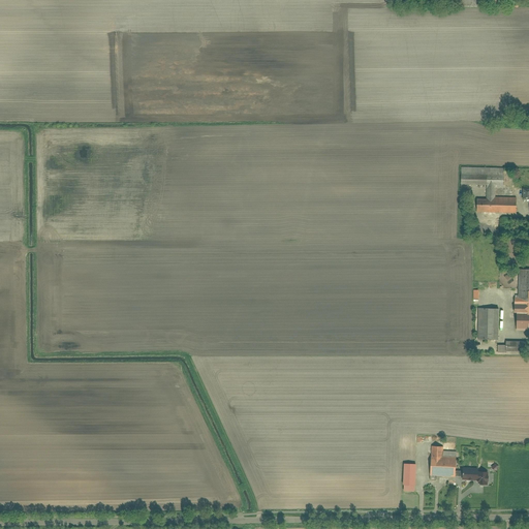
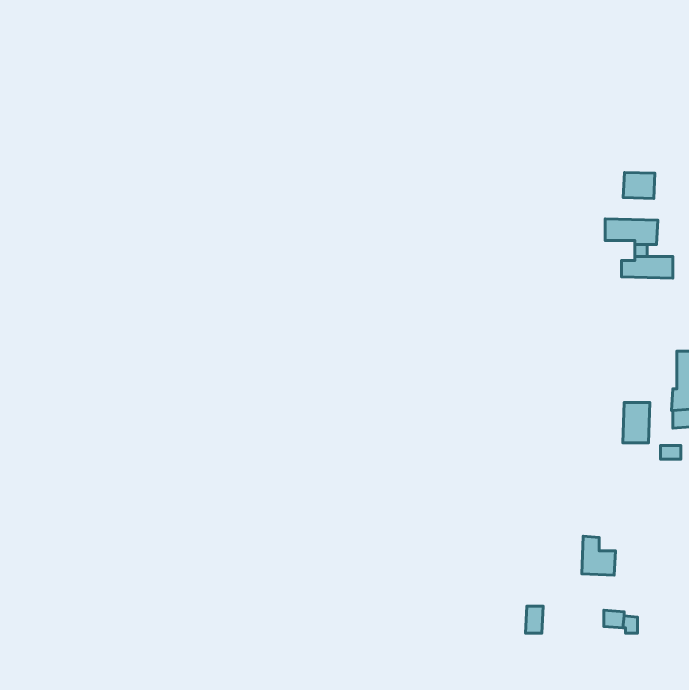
building: none -> [623,172,655,198]
building: [431,446,457,476] -> [582,536,616,575]

